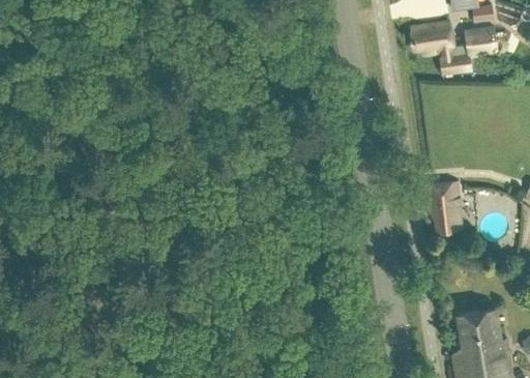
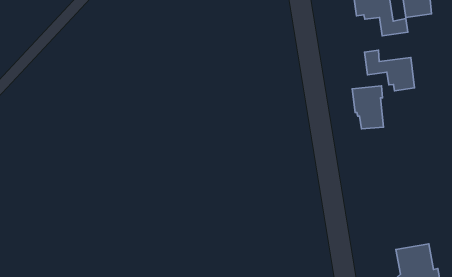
building: none -> [364,50,415,91]
building: [425,182,461,231] -> [352,86,383,129]

